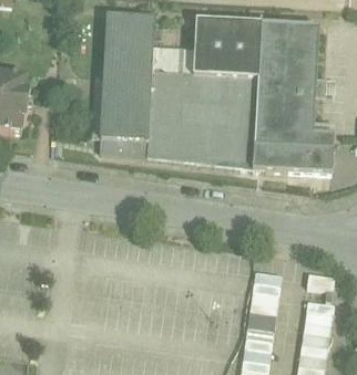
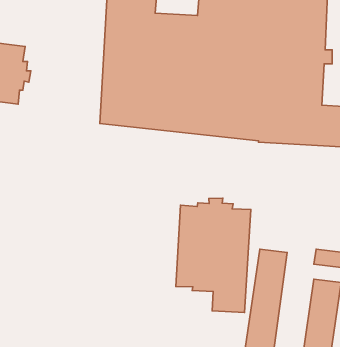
building: none -> [176,198,251,312]

